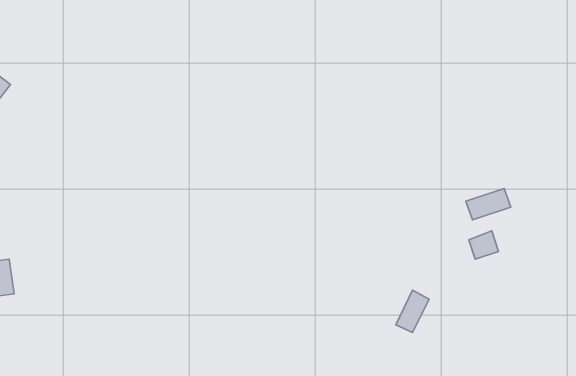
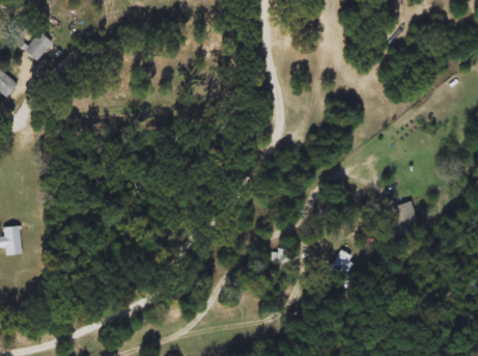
building: none -> [24,31,53,62]
building: [466,189,511,220] -> none

